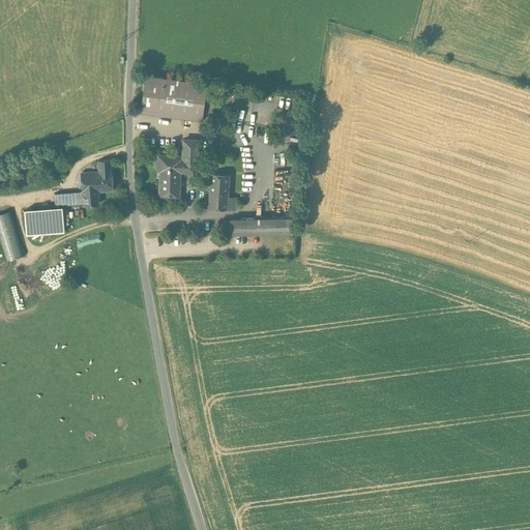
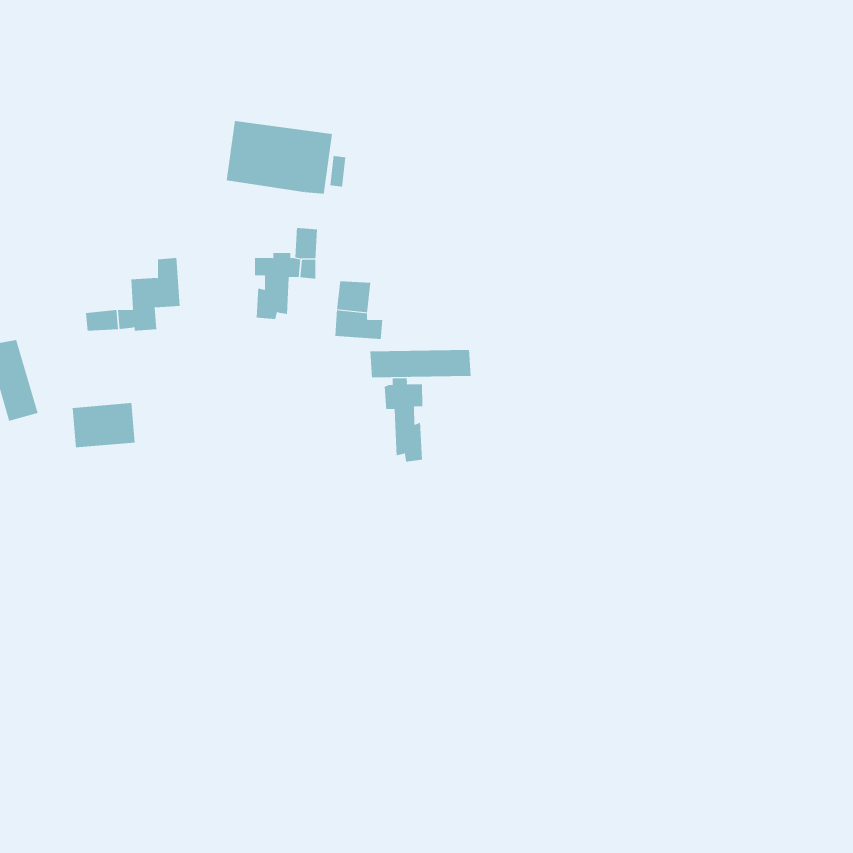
building: [24,208,63,236] -> [72,403,136,448]
building: none -> [384,377,423,463]

